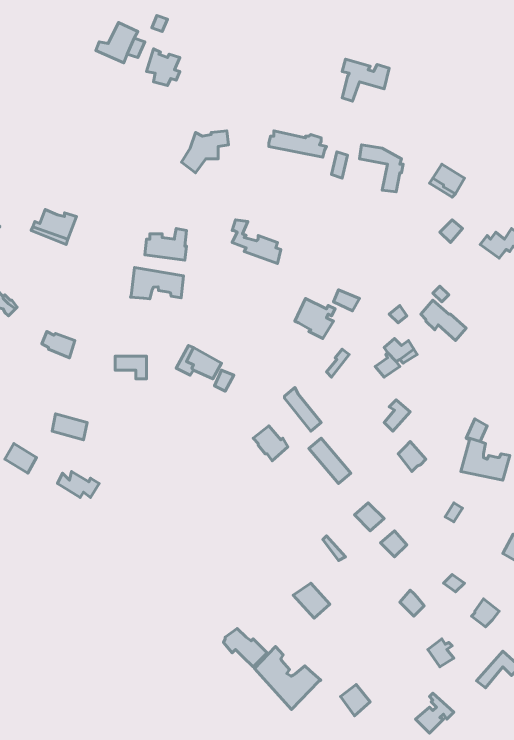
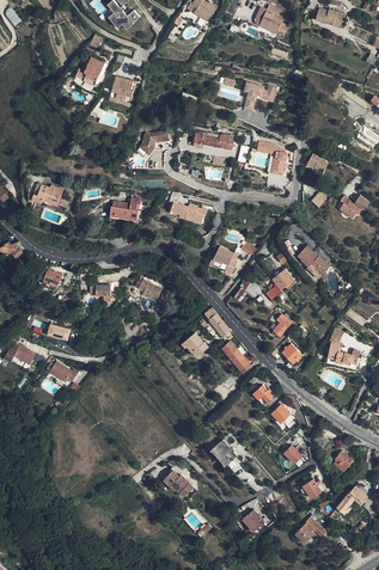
building: [131,268,184,299] -> none
building: [254,646,321,709] -> none

